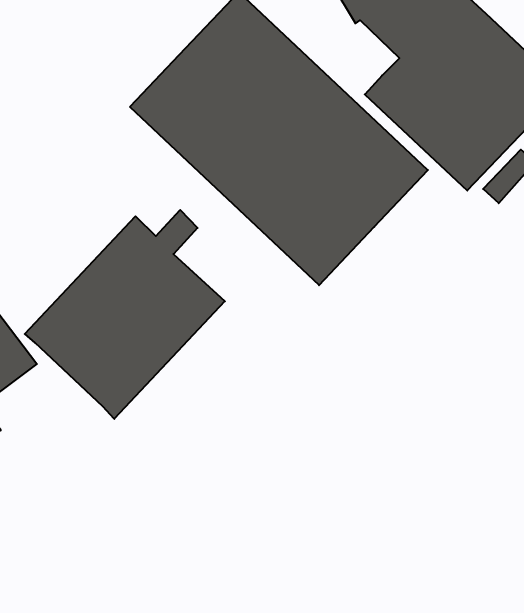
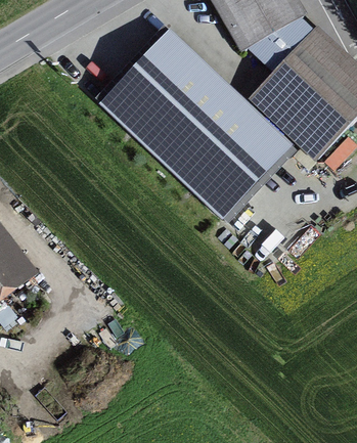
building: [25,210,225,419] -> none

